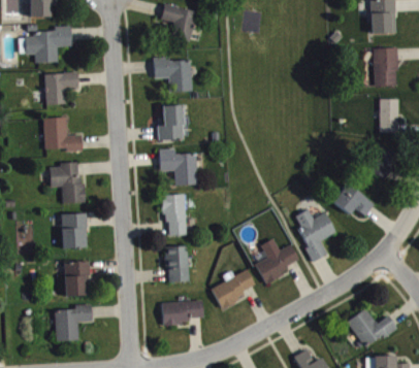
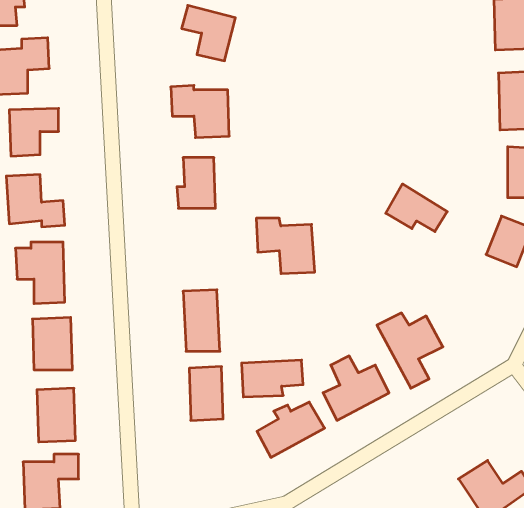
building: [159,149,198,187] -> [256,218,315,274]
building: [333,185,375,216] -> [386,184,447,232]
building: [162,301,203,326] -> [242,360,303,397]

